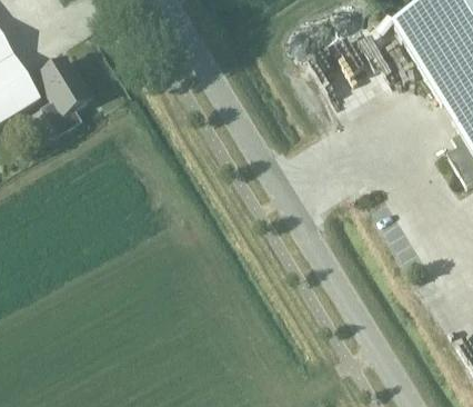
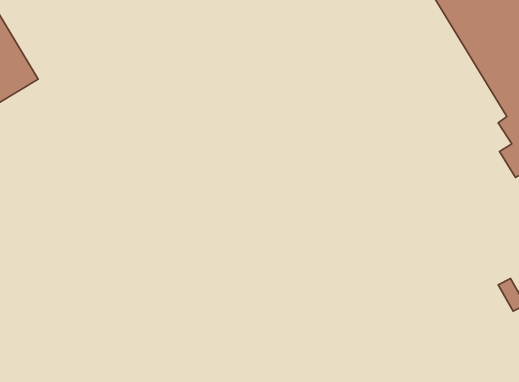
building: [34,58,91,135] -> none

